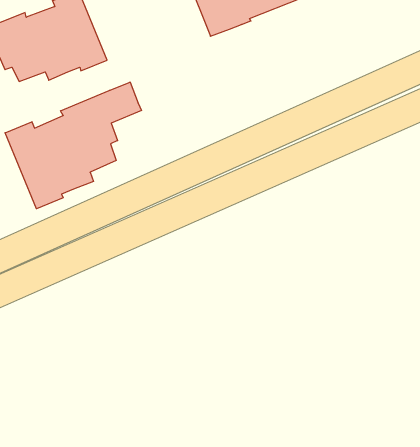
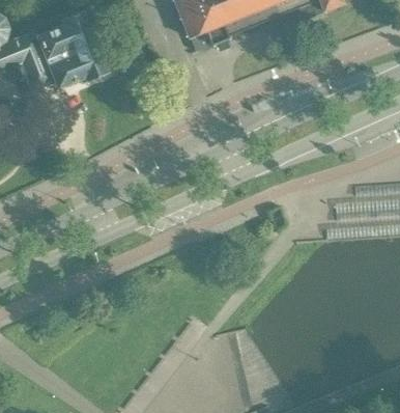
building: [5,82,142,209] -> none

